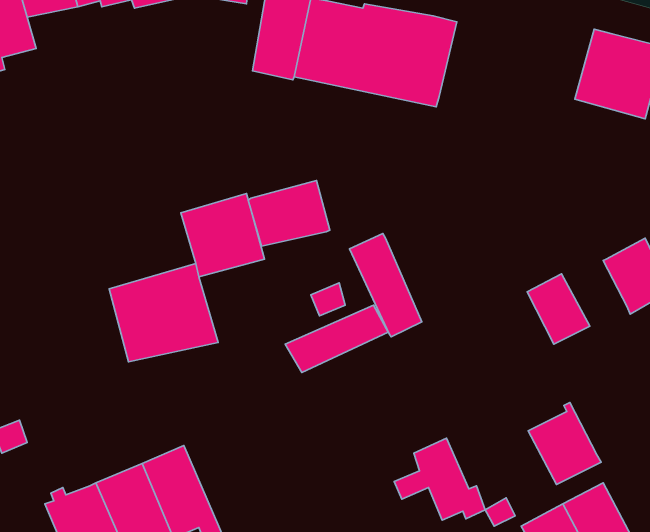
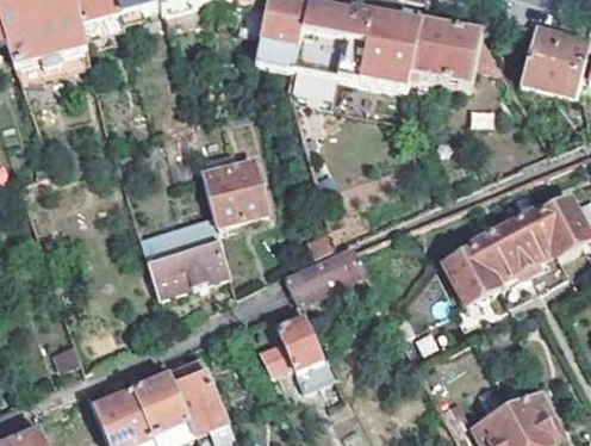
building: none -> [408,20,497,91]
building: [248,180,330,246] -> none
building: [350,234,422,337] -> none
building: none -> [505,205,558,264]
building: [528,402,601,485] -> [444,236,503,302]
building: [394,438,485,520] -> [262,315,335,380]

